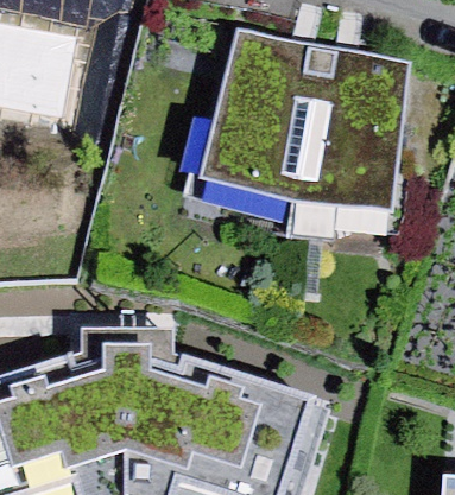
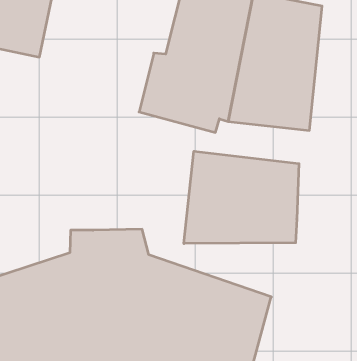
building: none -> [184,151,299,244]

